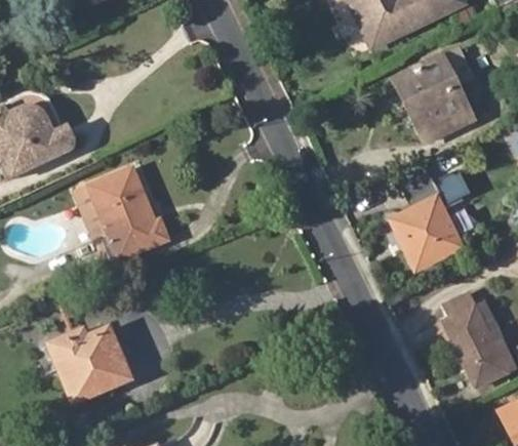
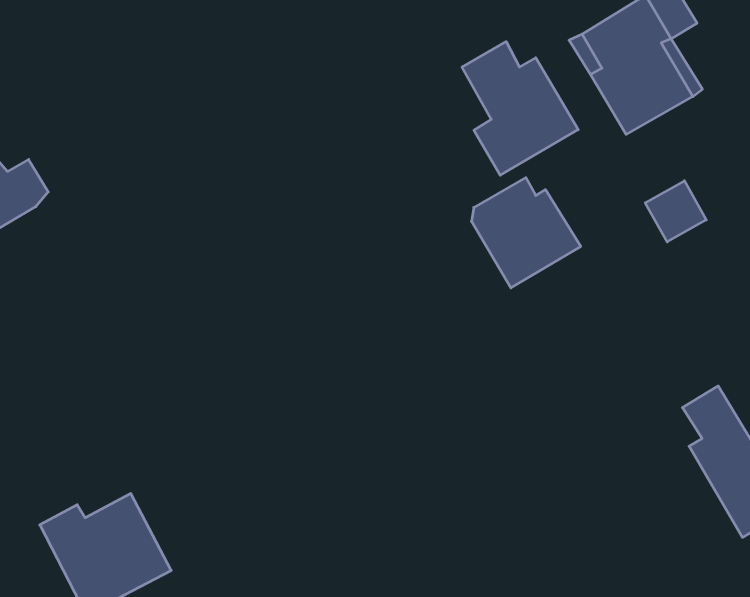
building: none -> [462,42,578,175]
building: [88,169,166,262] -> none
building: [394,202,459,268] -> [471,178,581,288]

